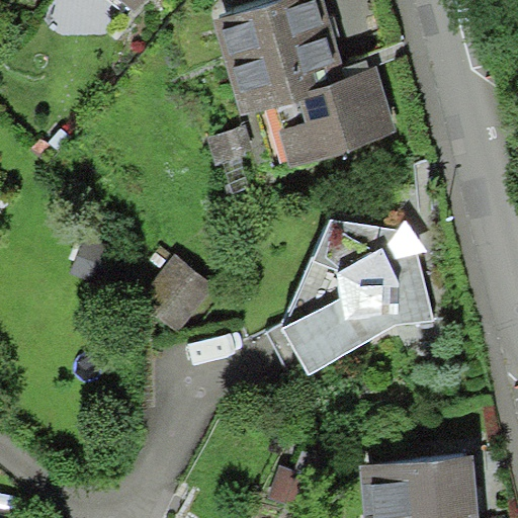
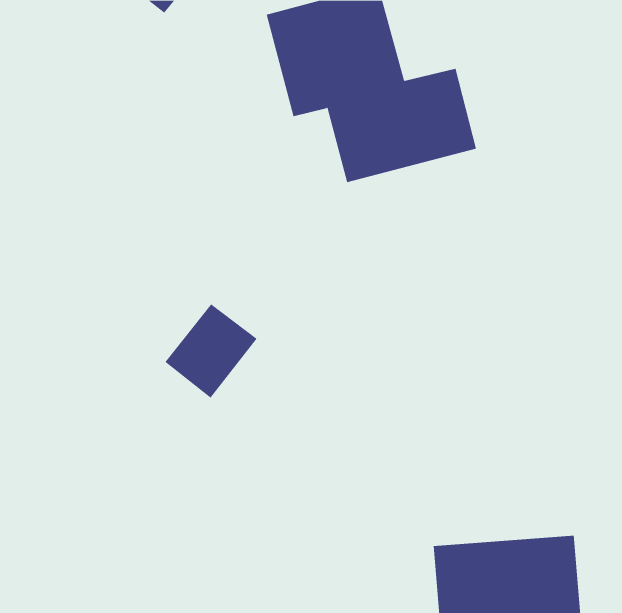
building: [268,215,432,381] -> none

